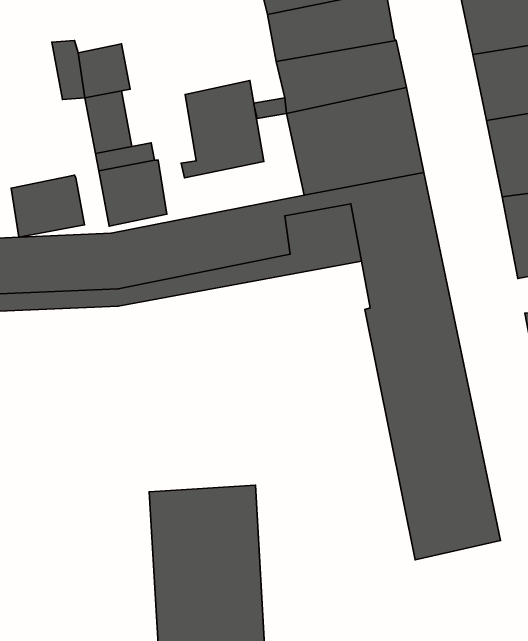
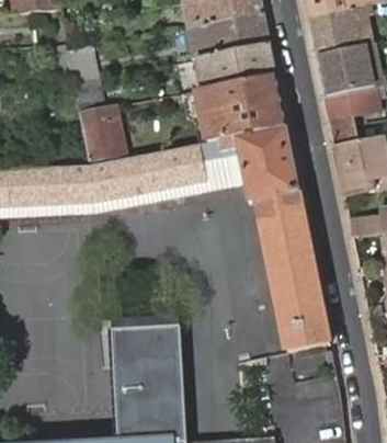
building: [181,81,264,178] -> none
building: [11,175,85,237] -> none

